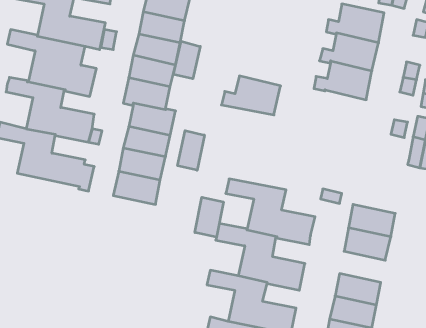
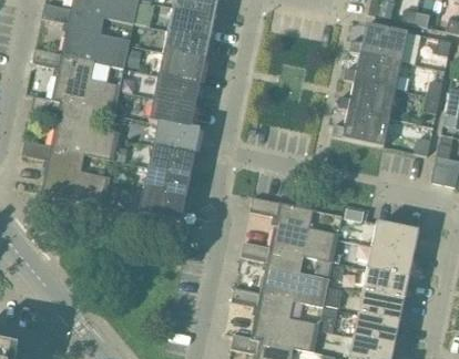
building: [173,41,200,79] -> none
building: [221,76,281,115] -> [332,106,390,145]
building: [178,131,204,170] -> none
building: [195,197,223,237] -> none
building: none -> [364,267,409,298]

